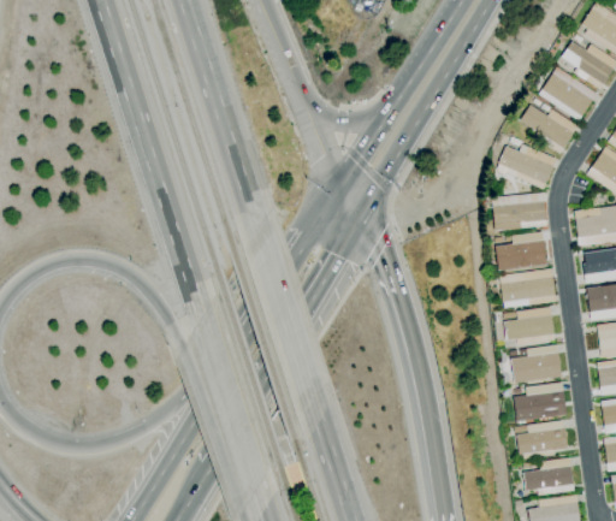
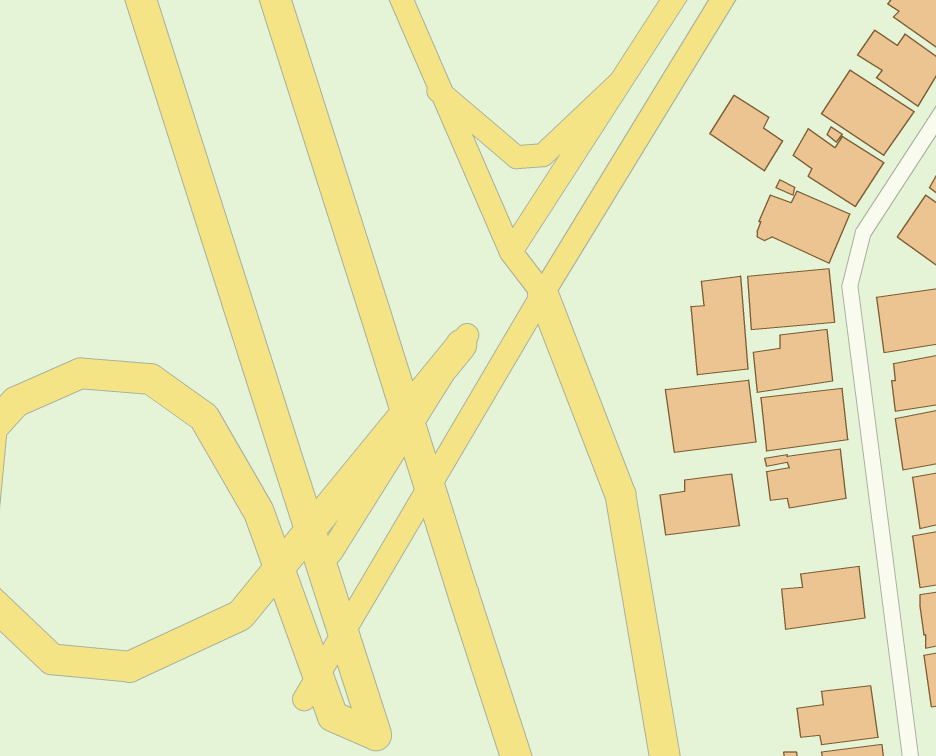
building: none -> [710,95,783,171]
building: none -> [691,276,748,375]
building: none -> [666,380,756,452]
building: [511,345,562,384] -> [660,474,740,535]
building: [515,421,568,460] -> none

